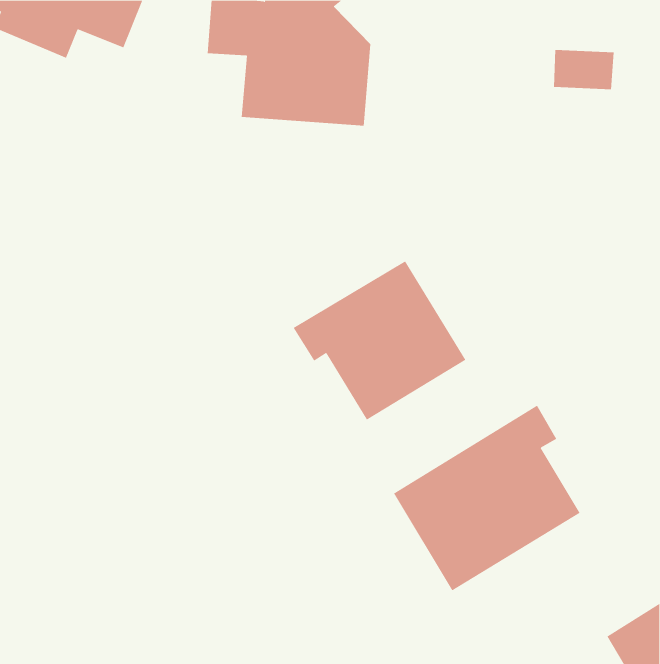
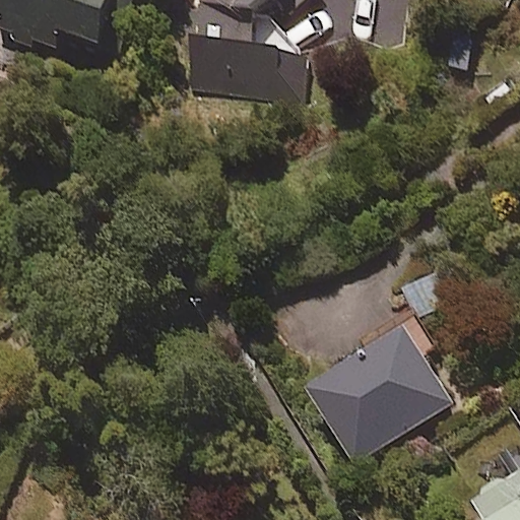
building: [293,260,466,420] -> none

